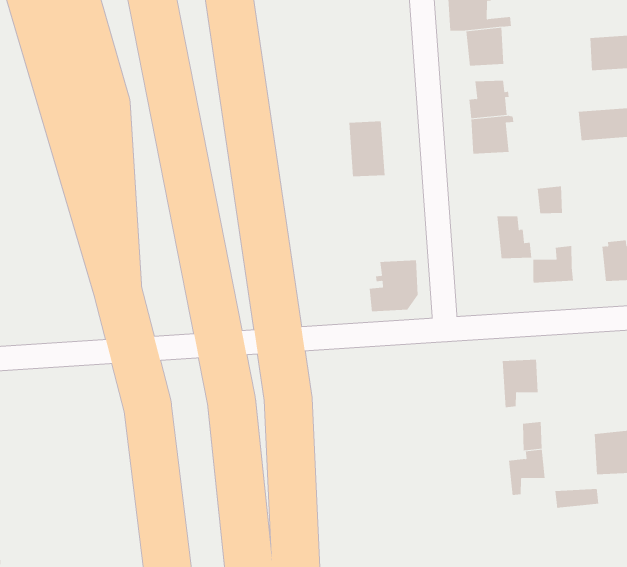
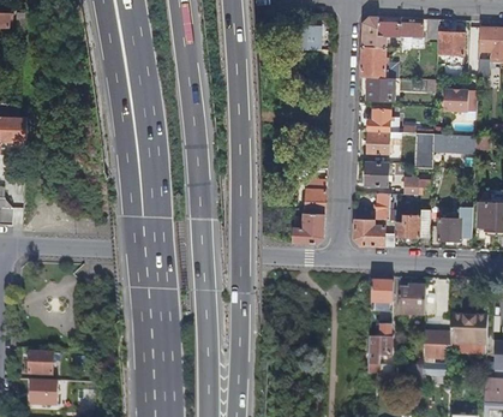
building: none -> [414,131,433,167]
building: [348,121,385,177] -> [305,178,327,213]
building: none -> [365,160,389,184]
building: none -> [354,216,395,245]
building: none -> [397,285,424,314]

